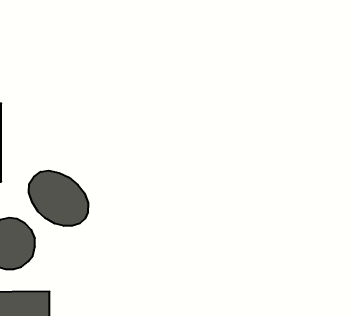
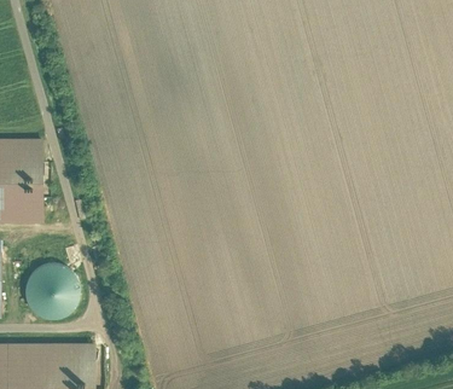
building: [29,171,88,226] -> none

